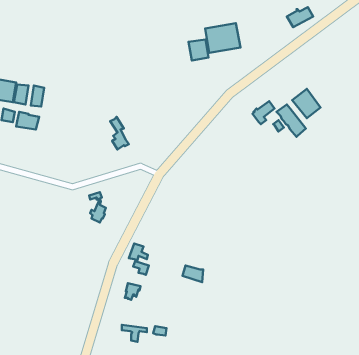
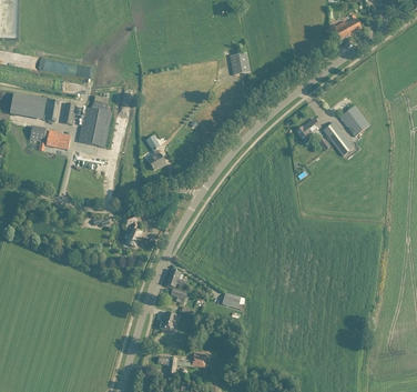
building: [205,23,241,53] -> none
building: none -> [78,107,111,147]

